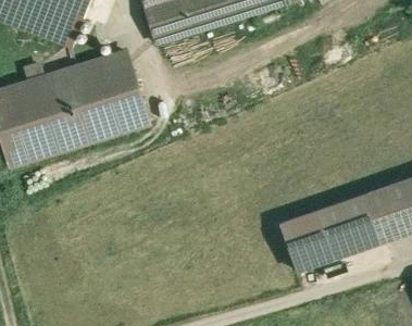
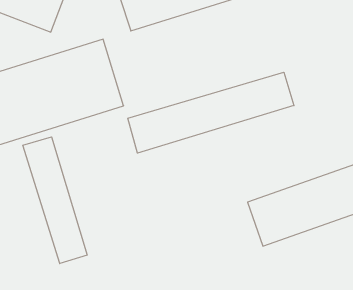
building: none -> [128,72,294,153]
building: none -> [23,137,87,264]

